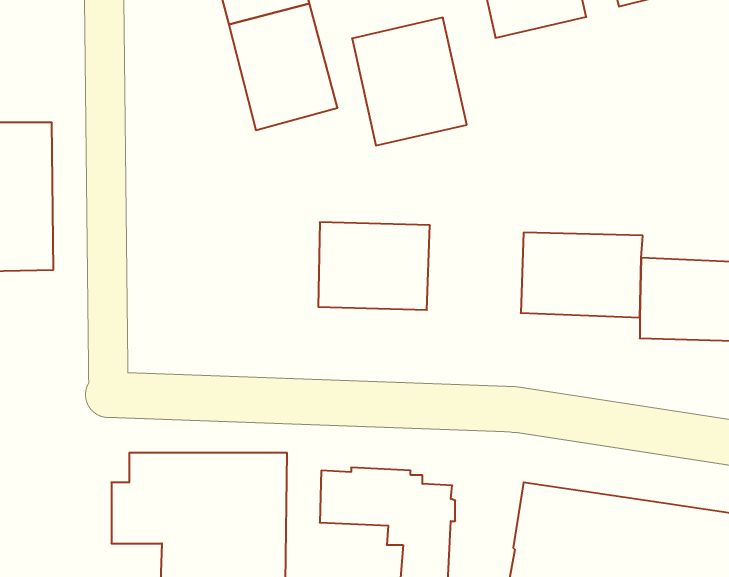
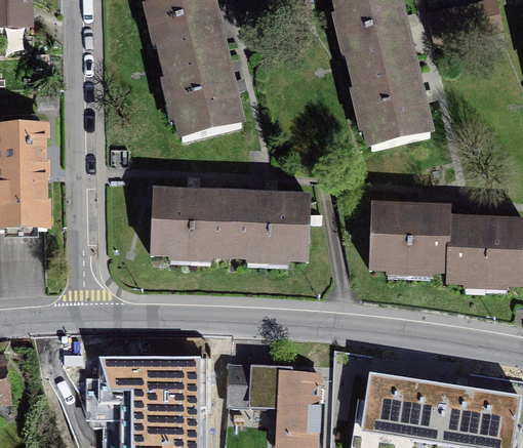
building: [352,18,467,146] -> [351,55,430,144]
building: none -> [156,195,230,255]

